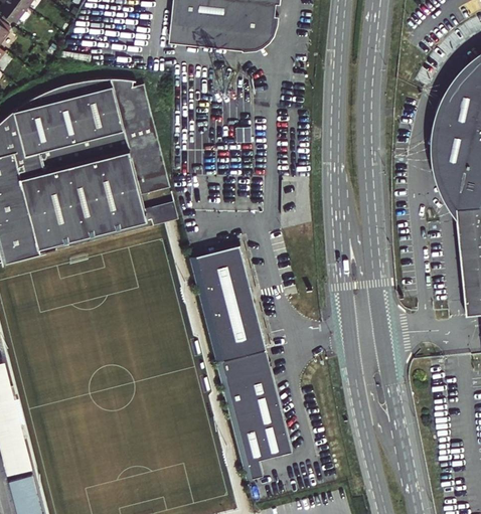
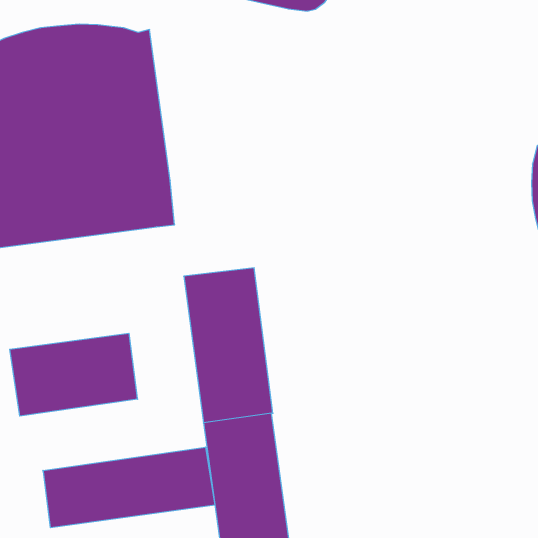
building: none -> [10,333,138,416]
building: none -> [43,447,215,528]

